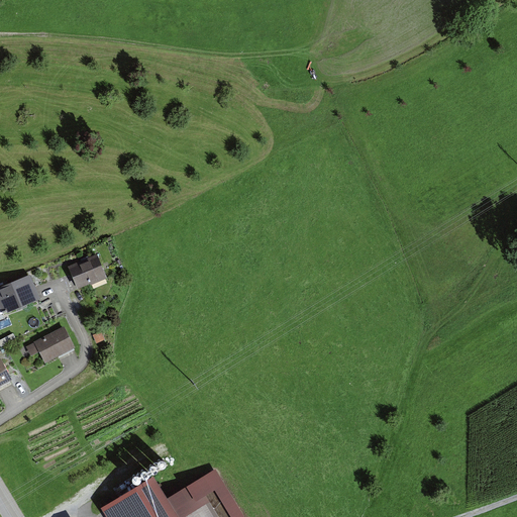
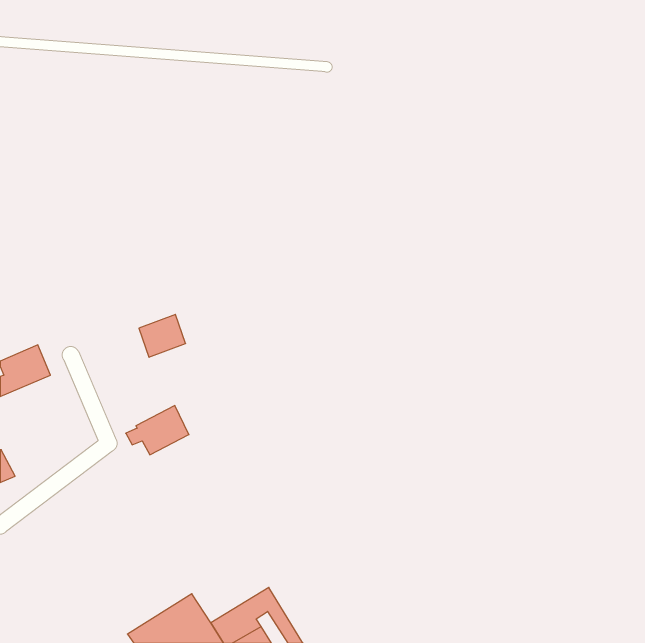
building: [66,255,103,290] -> [139,314,186,357]
building: [24,328,75,368] -> [126,406,189,455]

